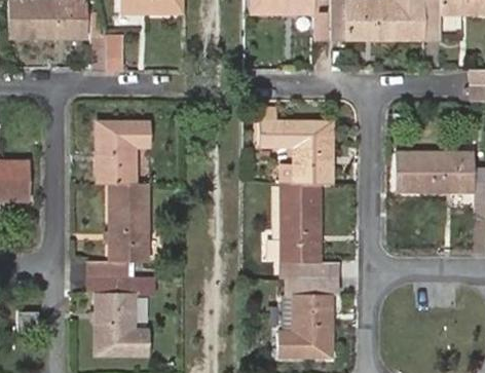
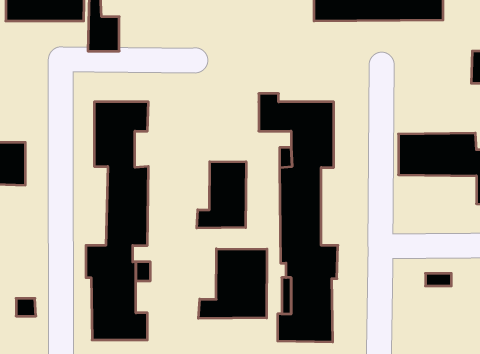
building: none -> [197,162,246,228]
building: none -> [198,249,267,318]

